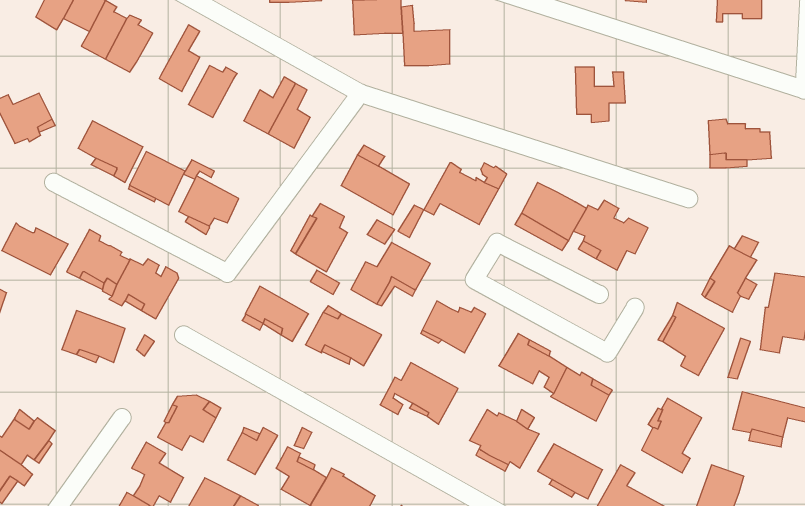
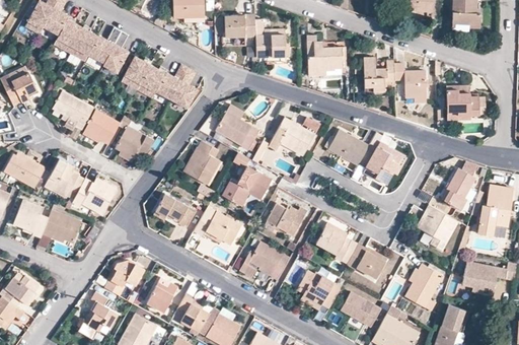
building: none -> [89,26,122,62]
building: none -> [306,34,343,70]
building: none -> [393,63,429,94]
building: none -> [137,64,167,97]
building: none -> [13,198,49,236]

